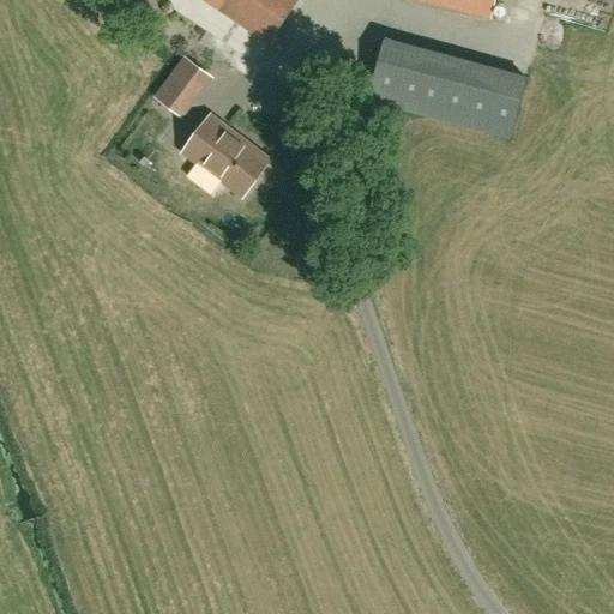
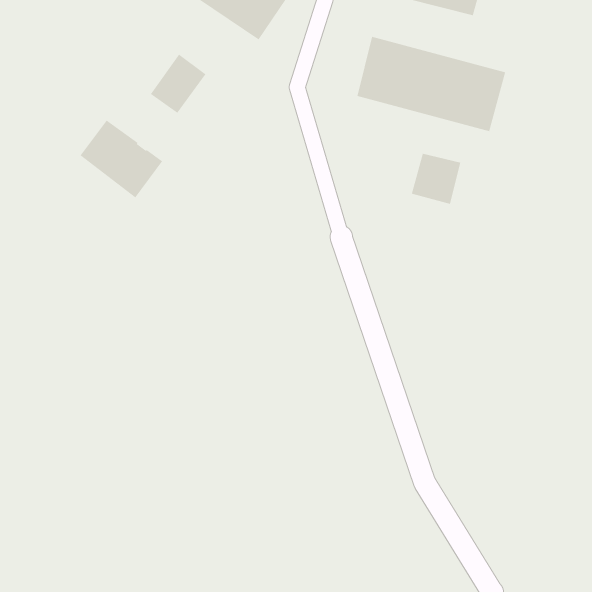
building: [182,115,269,197] -> [80,120,163,198]
building: none -> [411,153,461,205]

